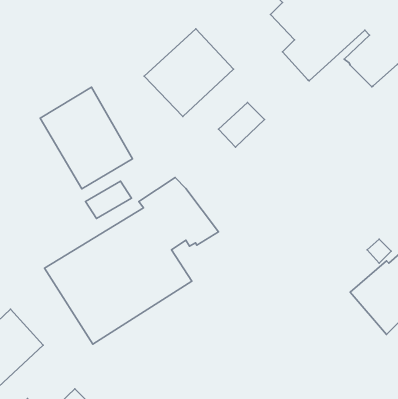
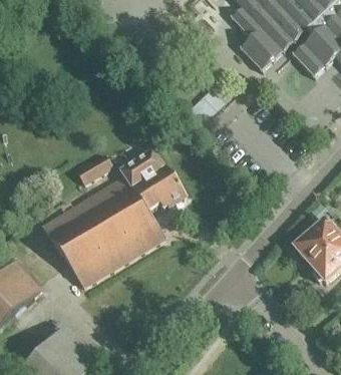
building: [144,29,233,117] -> none
building: [40,87,133,189] -> none

